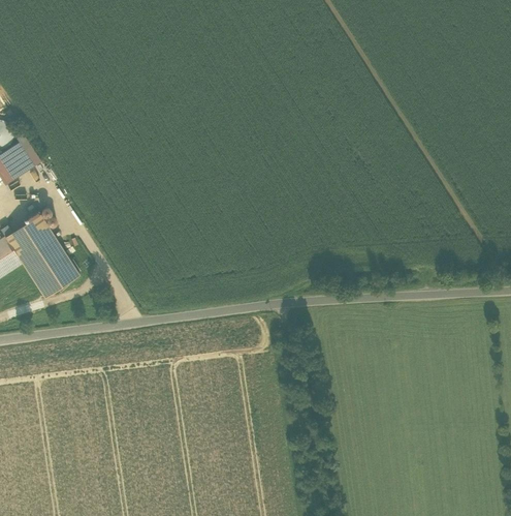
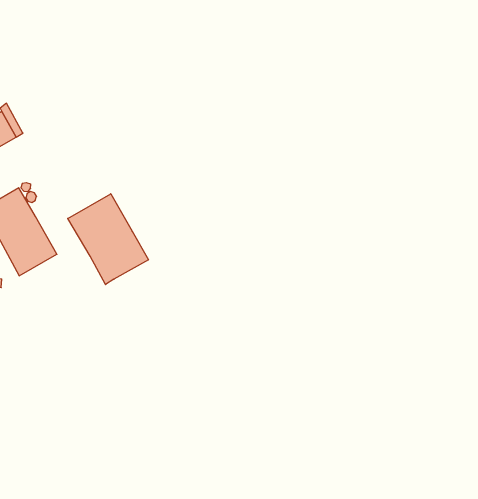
building: none -> [68,194,148,285]

